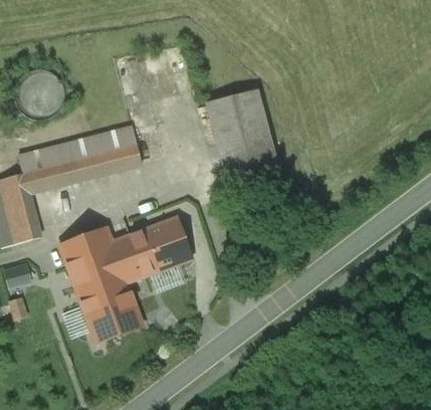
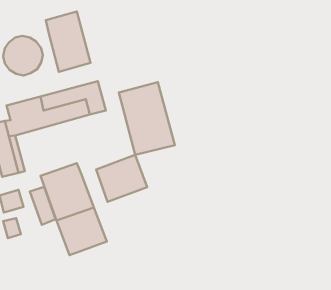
building: none -> [46,12,90,72]
building: [207,90,276,181] -> [119,82,175,155]
building: [111,235,143,282] -> [30,187,56,225]

